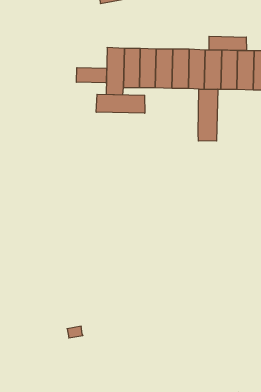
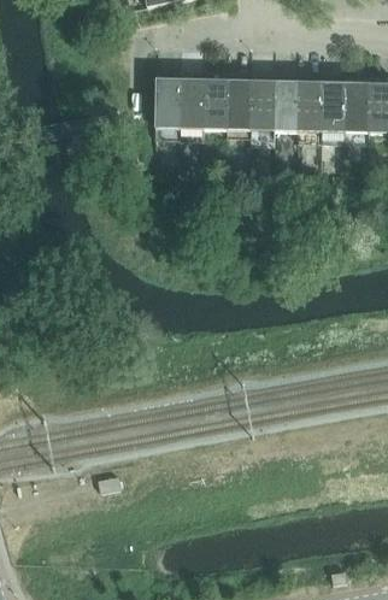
building: [209,36,246,51] -> none
building: [76,68,107,83] -> none
building: [198,89,218,141] -> none
building: [96,94,145,113] -> none

